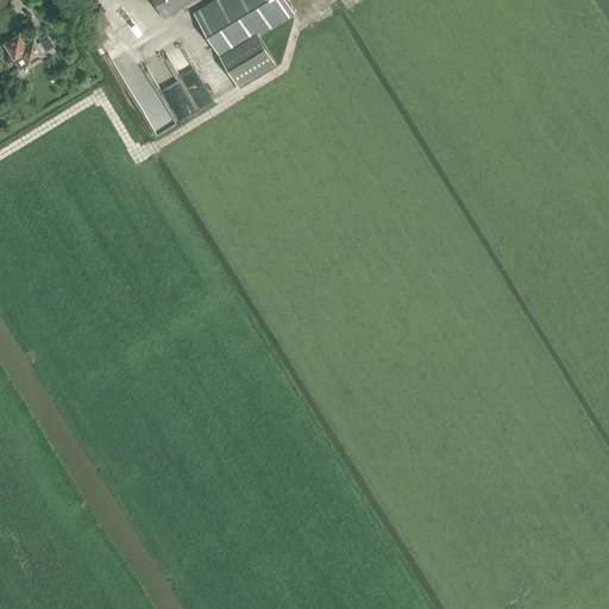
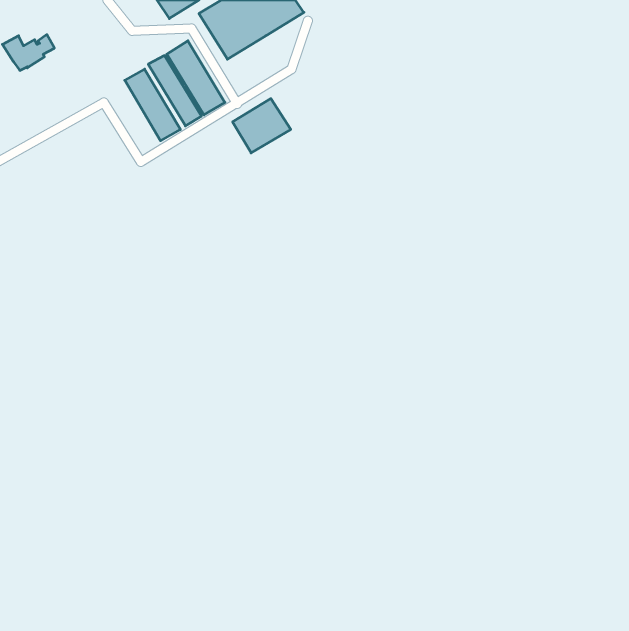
building: [219,34,275,87] -> [233,99,291,153]

